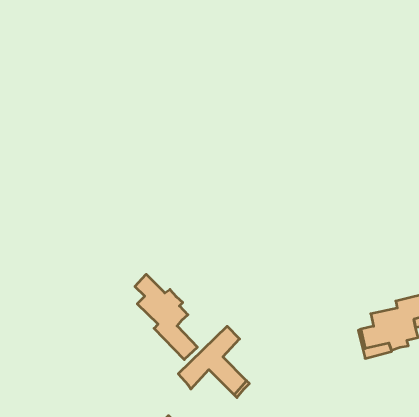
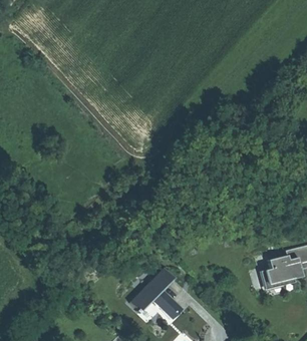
building: [135,274,197,360] -> none

